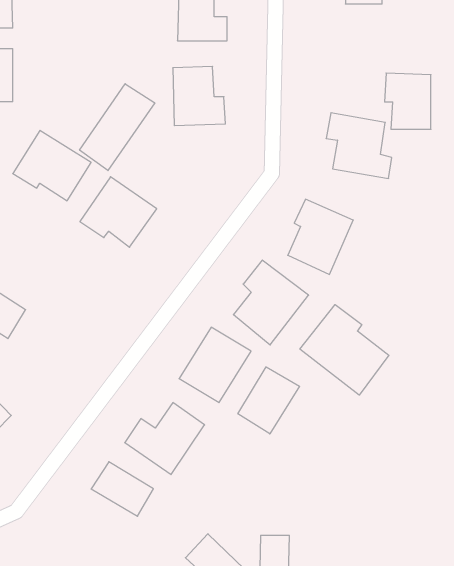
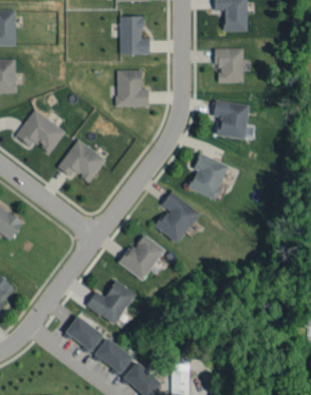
building: [385,73,431,129] -> [214,47,243,82]
building: [80,84,155,171] -> none
building: [300,305,389,395] -> none
building: [238,367,300,434] -> none
building: none -> [94,338,132,374]

